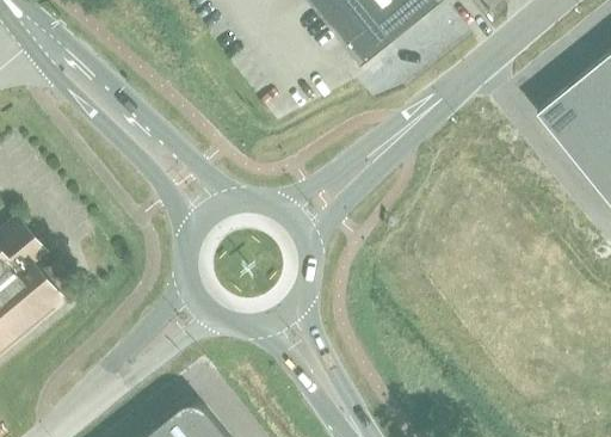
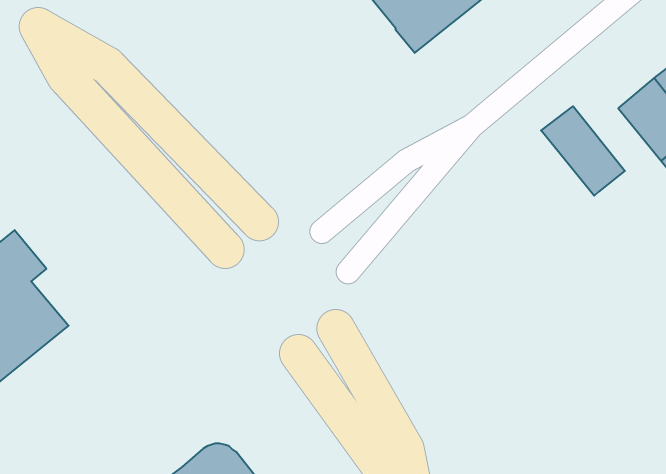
building: none -> [541,106,625,196]

